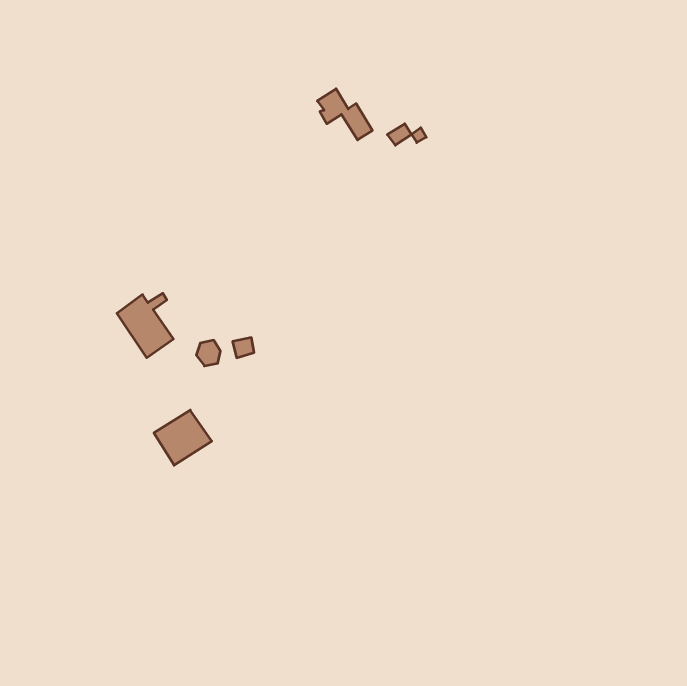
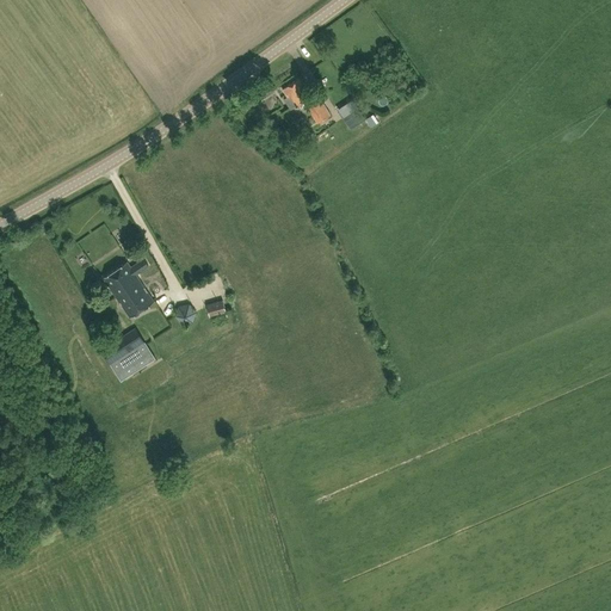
building: [154,410,212,465] -> [103,329,154,378]

